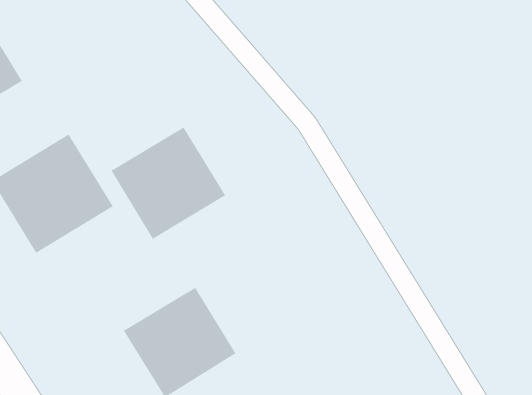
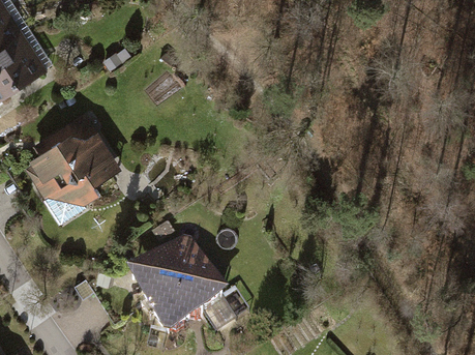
building: [110,126,226,240] -> none

